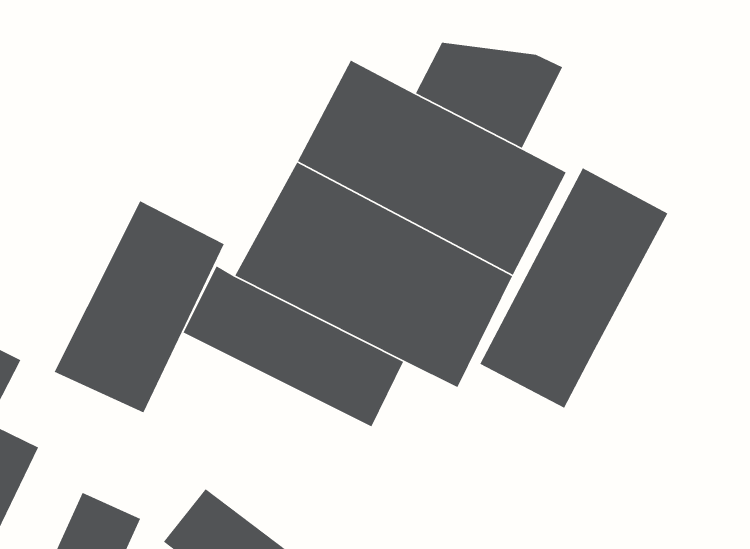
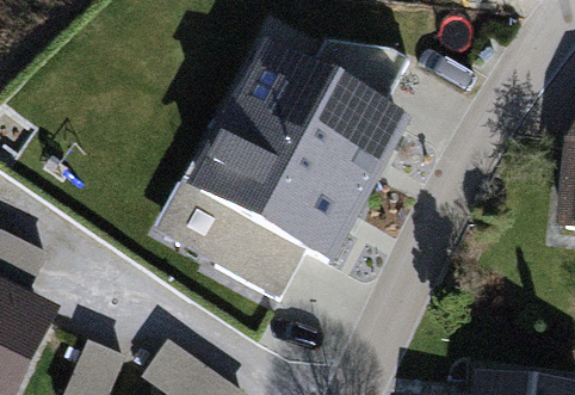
building: [479,167,669,409] -> none
building: [54,200,225,414] -> none

